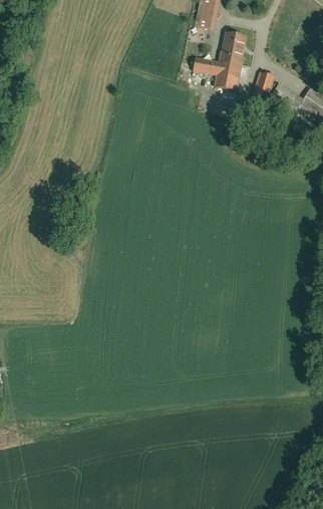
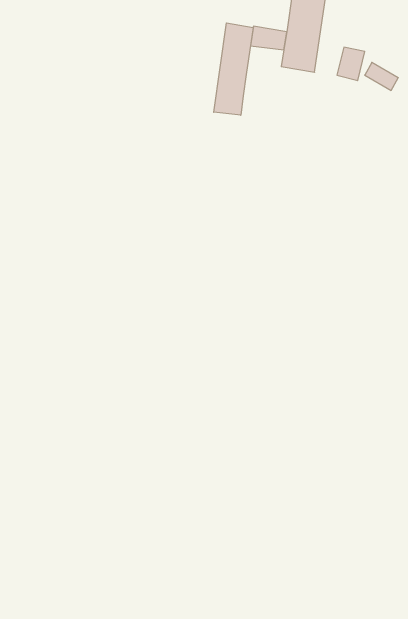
building: none -> [214,23,253,115]

